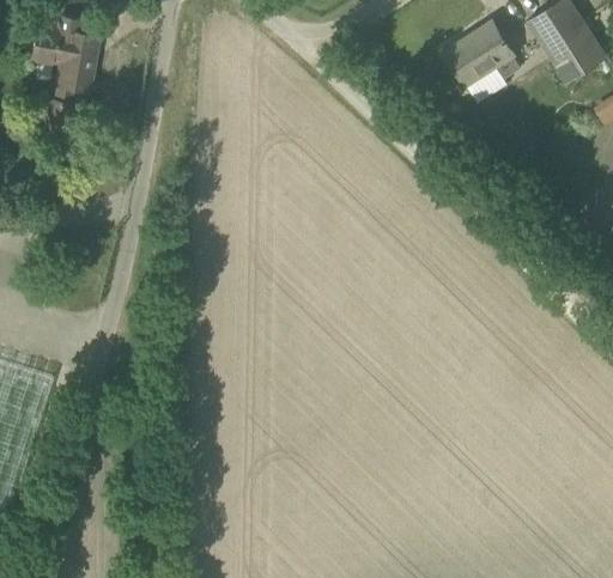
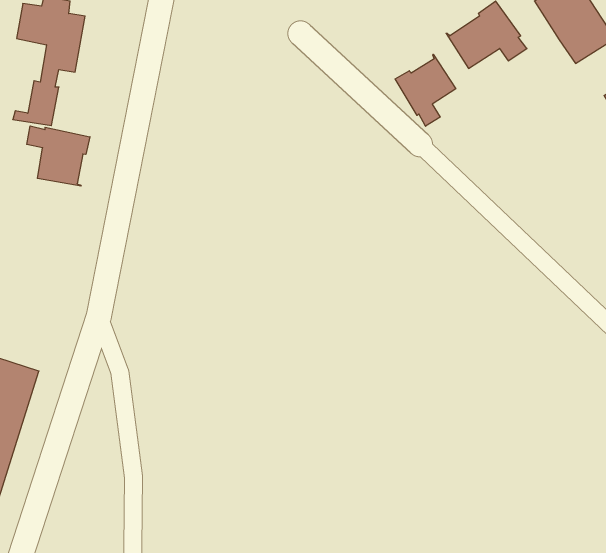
building: none -> [395,54,456,126]
building: none -> [27,126,90,186]

